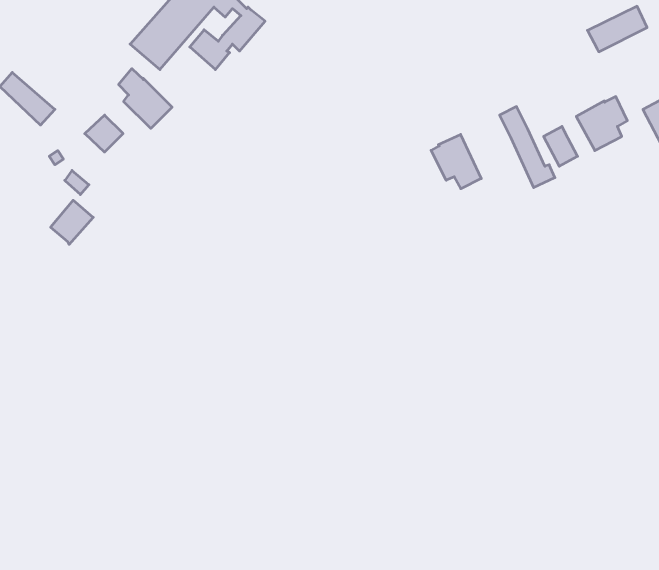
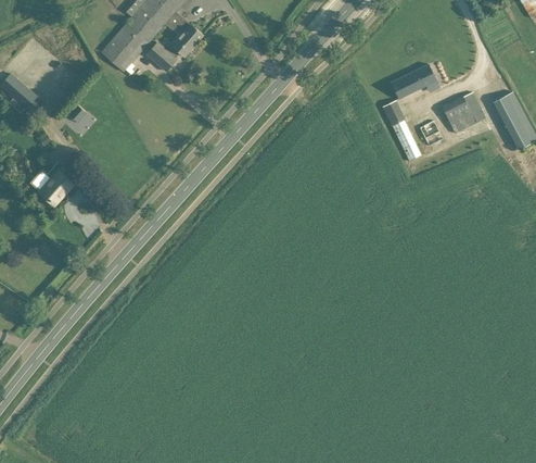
building: [587,6,647,52] -> [390,64,435,99]
building: [119,69,172,128] -> none
building: [431,134,481,189] -> none

